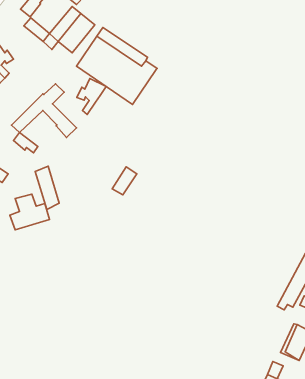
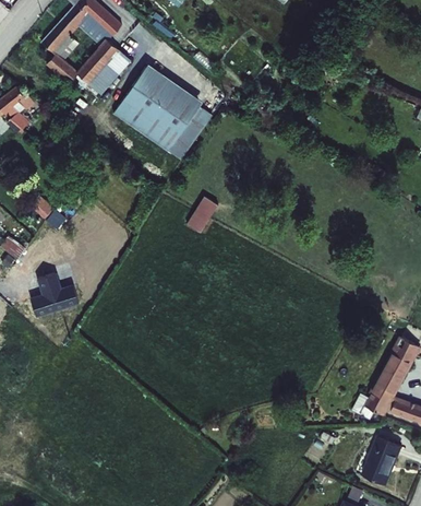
building: [77,79,106,115] -> none
building: [12,84,76,137] -> none
building: [35,166,59,209] -> none
building: [112,167,137,195] -> [184,195,215,230]

